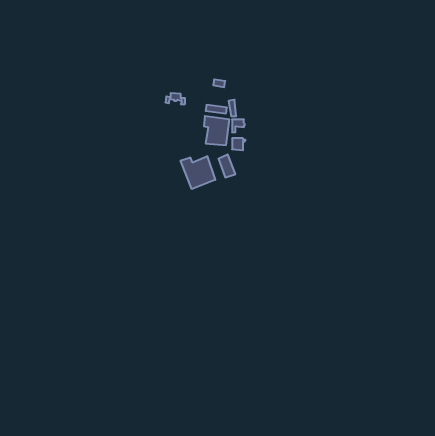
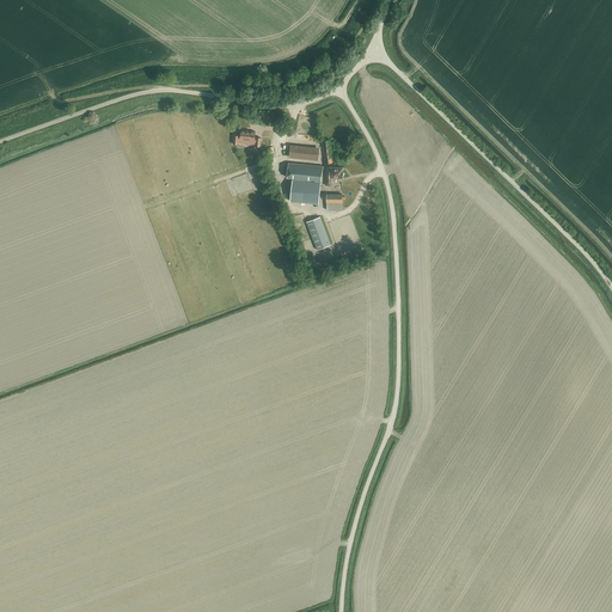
building: [181,156,215,189] -> none

